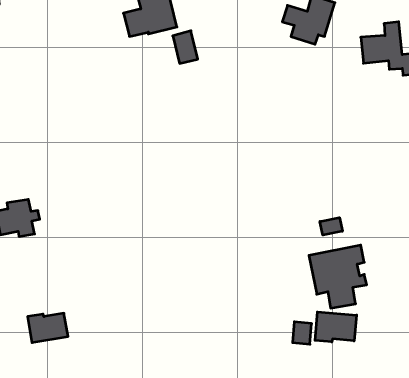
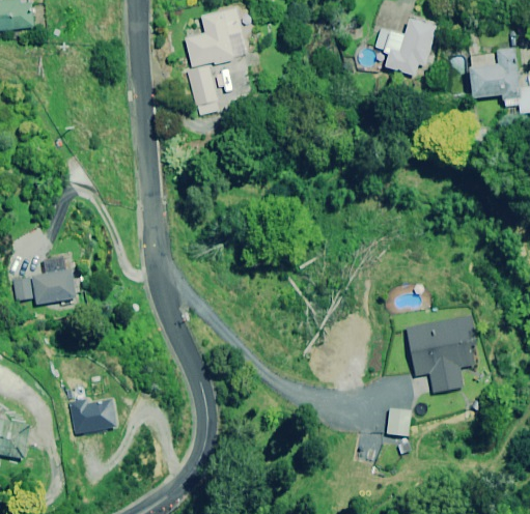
building: [173,31,198,63] -> [187,65,217,105]
building: [320,218,342,235] -> none
building: [315,312,357,342] -> none

